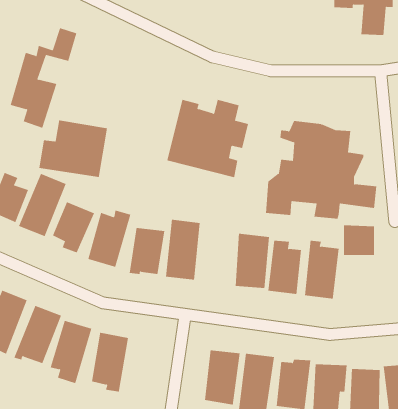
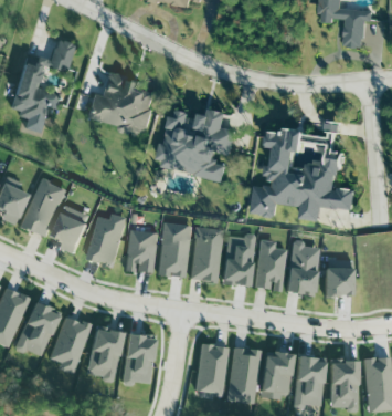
building: [38,120,108,178] -> [82,77,147,132]
building: [343,225,375,256] -> [326,268,356,297]
building: none -> [191,227,221,282]
building: none -> [124,334,160,386]

